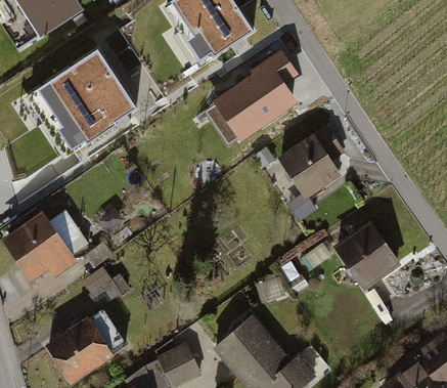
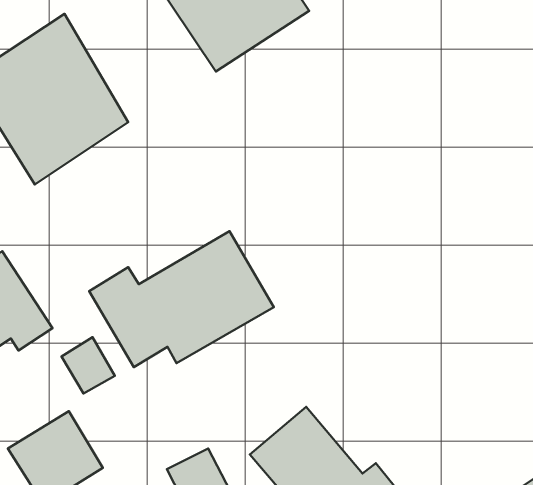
building: [214,42,301,140] -> none
building: [278,125,346,198] -> none
building: none -> [89,231,274,367]
building: [334,218,402,288] -> none

